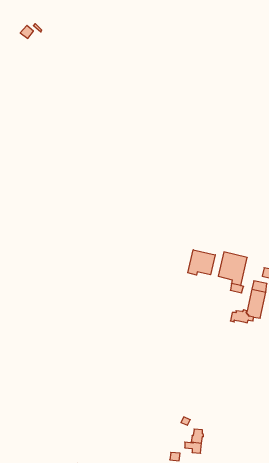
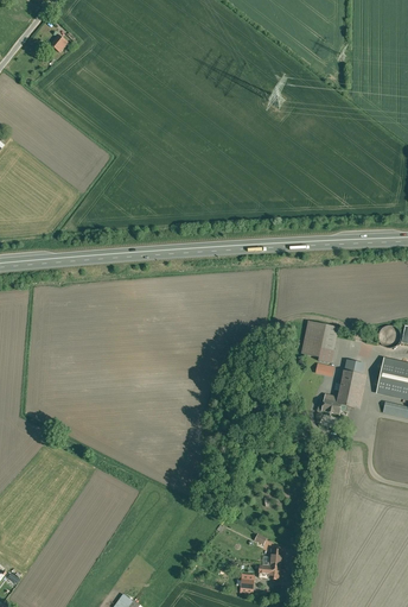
building: [188,250,215,275] -> none

